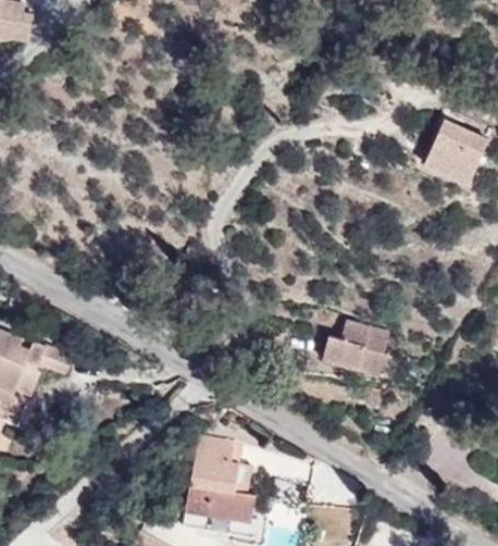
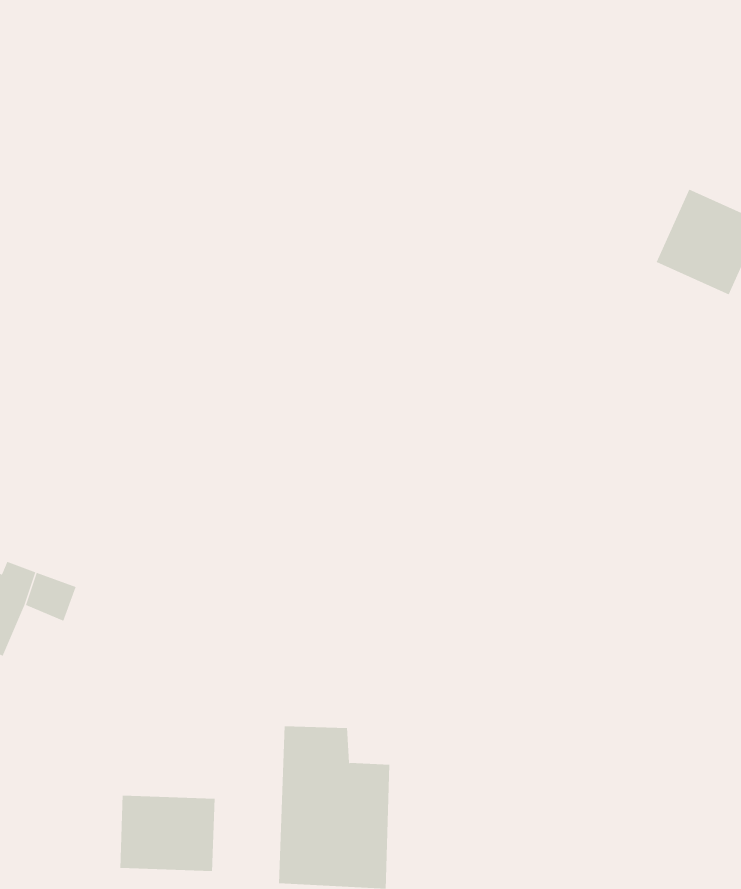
building: [316,319,386,375] -> none
building: none -> [120,795,215,872]

